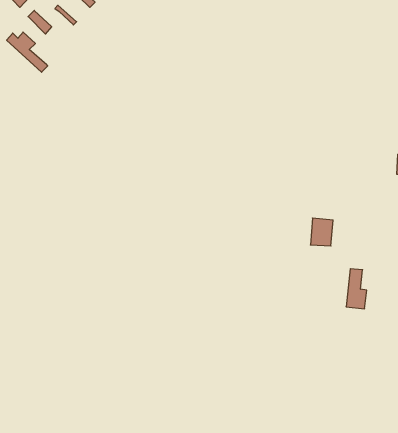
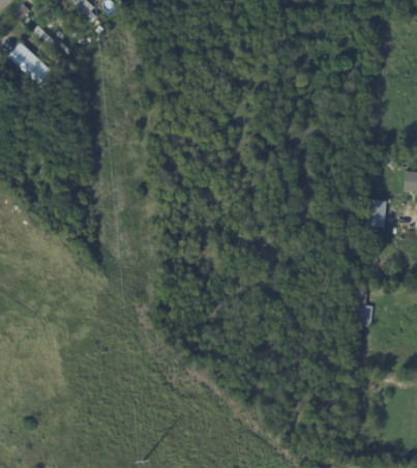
building: [310,218,333,246] -> [363,199,386,227]

